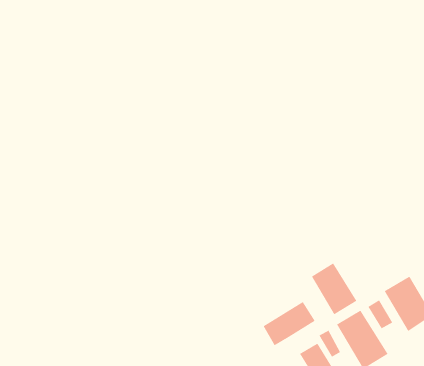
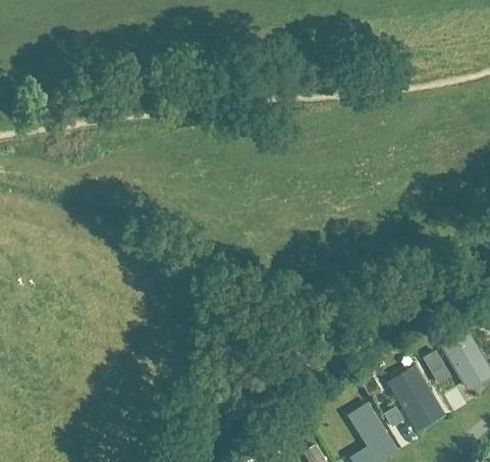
building: [311,263,357,315] -> none
building: [263,301,315,346] -> none

